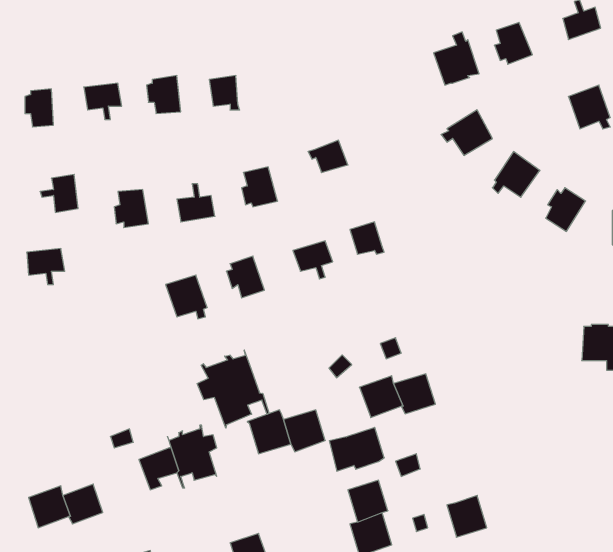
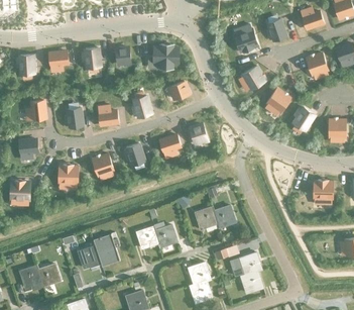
building: none -> [148,44,179,69]
building: none -> [58,165,78,189]
building: none -> [10,181,30,205]
building: [197,350,269,428] -> none
building: [329,427,384,471] -> [231,252,260,276]

